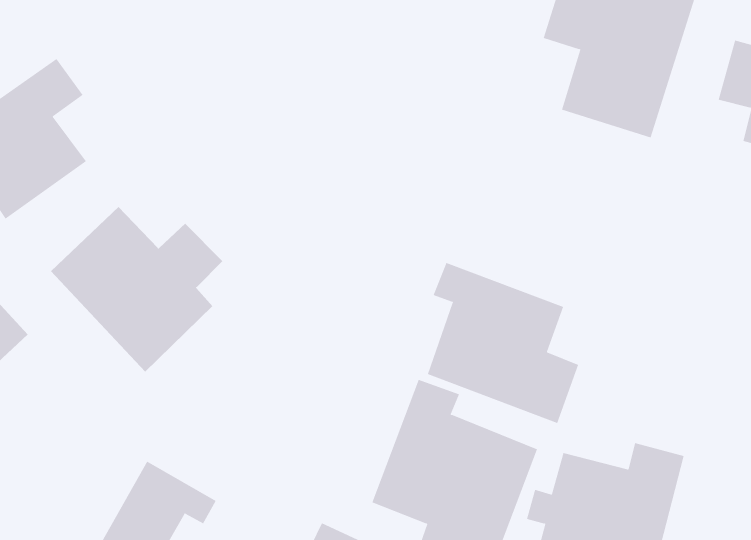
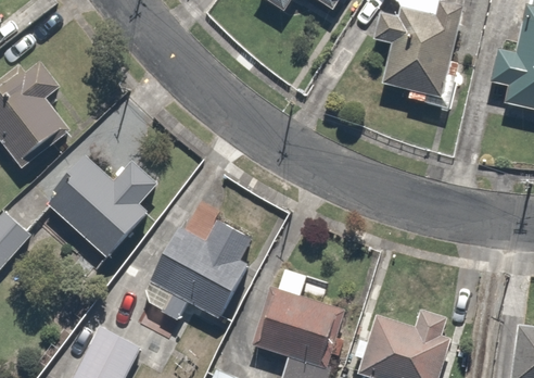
building: [427,262,579,424] -> none
building: none -> [136,219,264,322]

